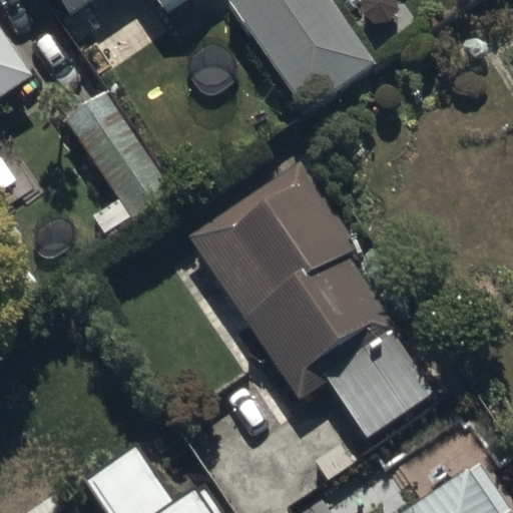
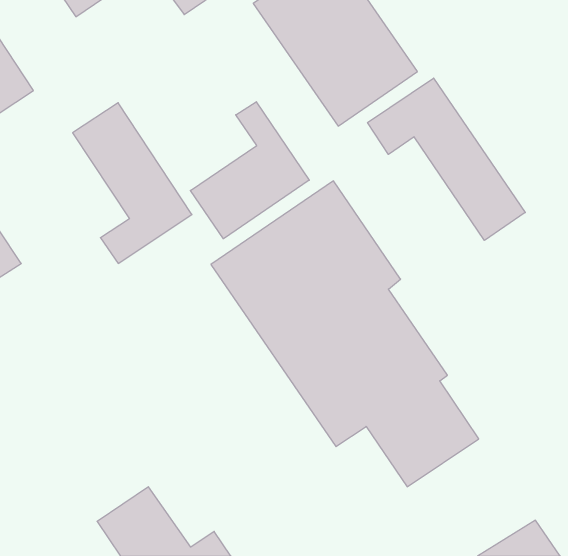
building: none -> [368,78,525,240]
building: none -> [190,102,309,239]

